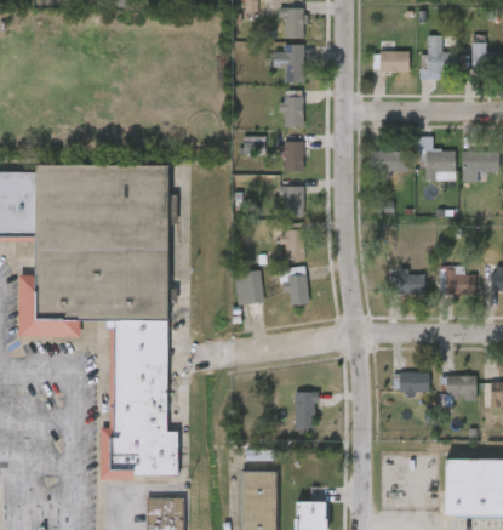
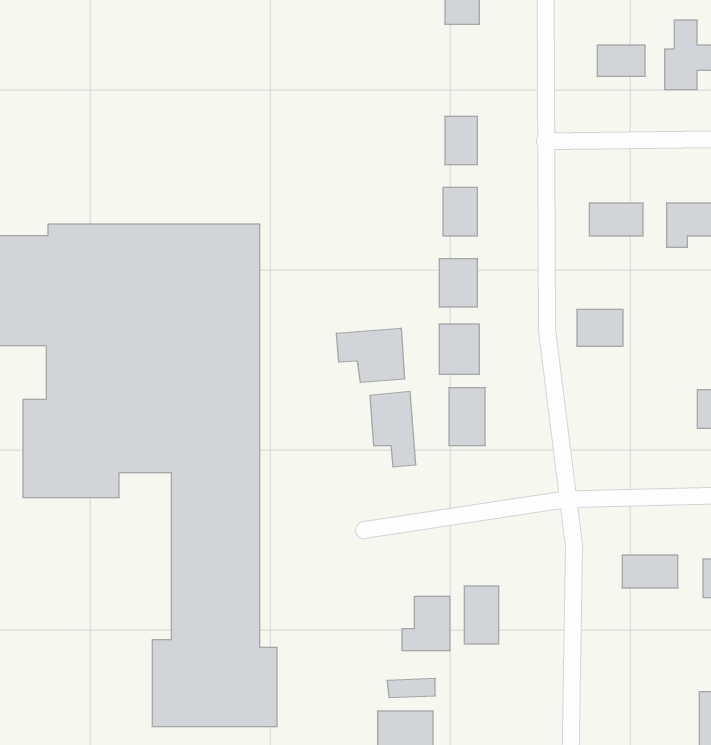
building: [274,44,305,82] -> none
building: none -> [336,328,404,383]
building: [396,269,425,292] -> [577,310,623,346]
building: none -> [402,596,450,651]

